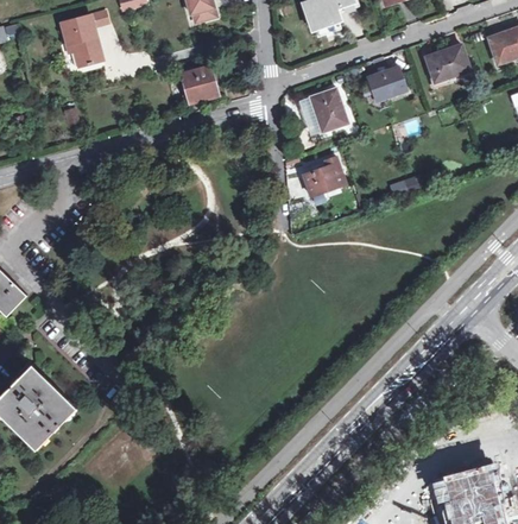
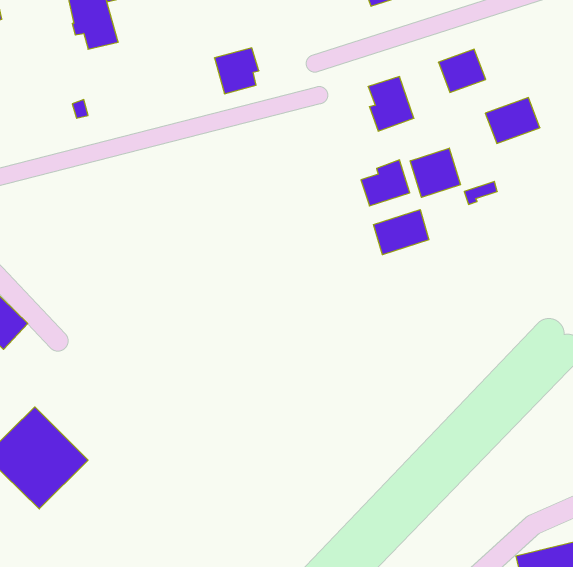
building: [424,45,469,83] -> [485,98,540,143]
building: none -> [410,148,460,197]
building: none -> [373,210,429,255]

